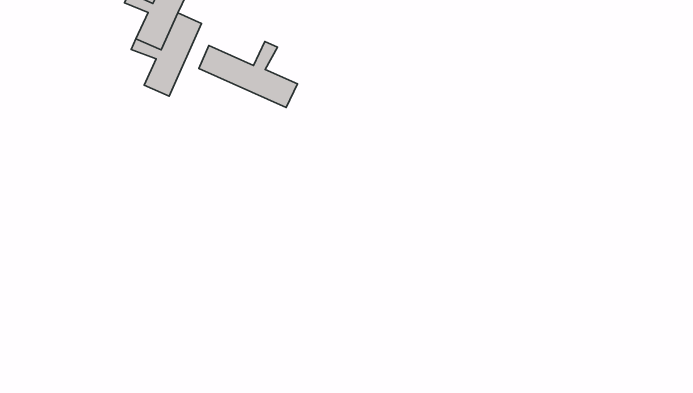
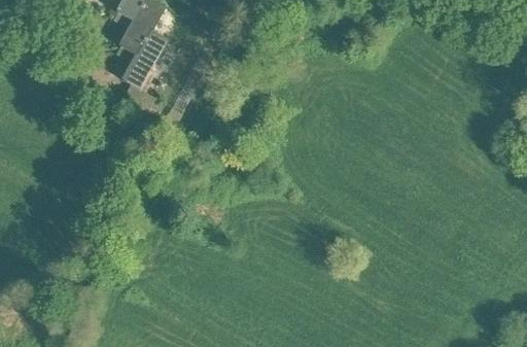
building: [199,42,297,108] -> none

